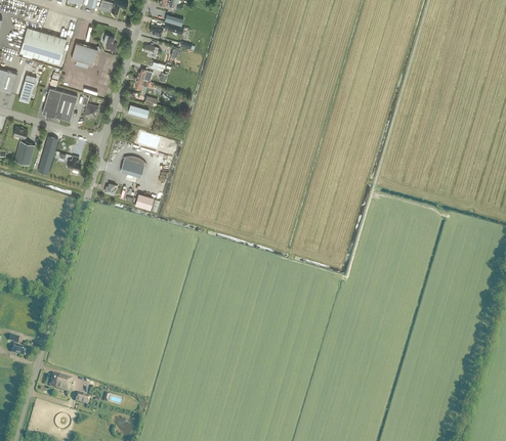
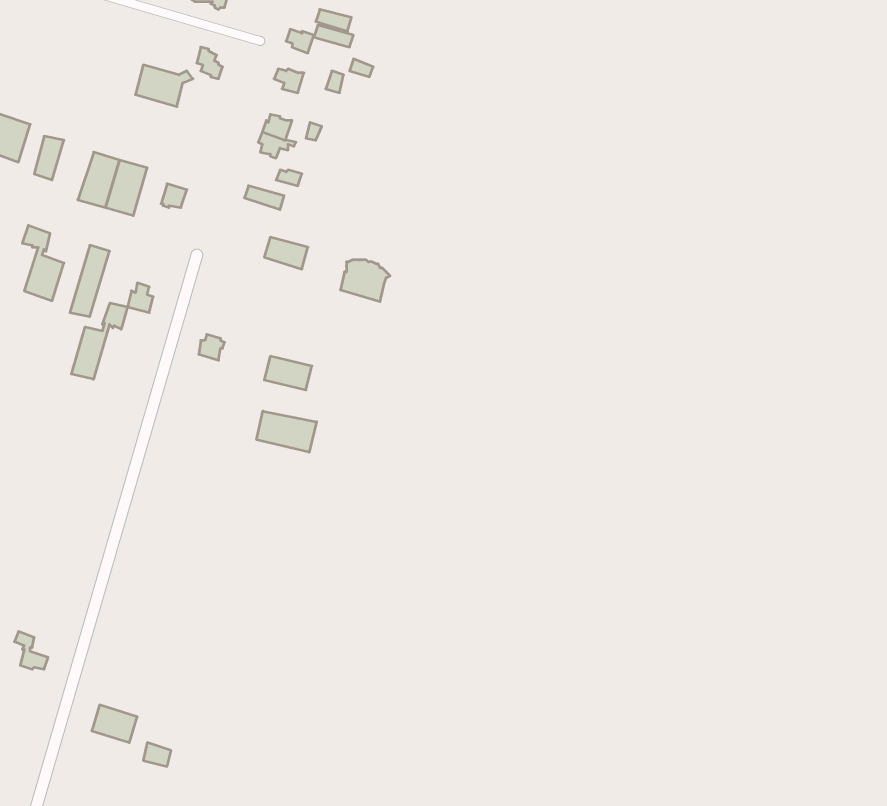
building: [18,27,66,63] -> none
building: [120,156,145,177] -> [340,260,390,302]
building: none -> [71,303,127,379]
building: none -> [257,411,317,452]

